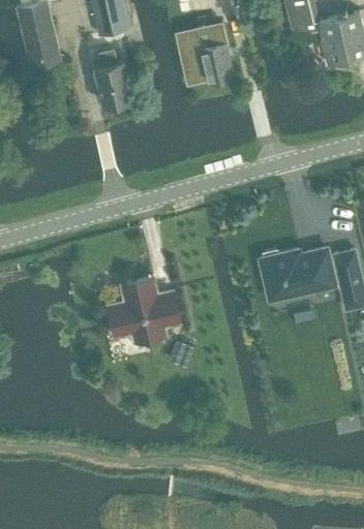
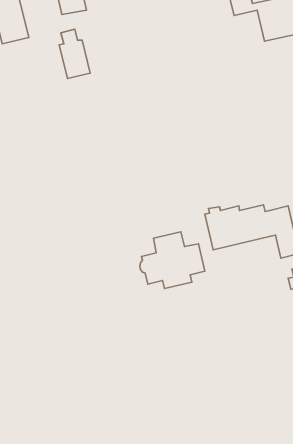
building: [176,25,233,85] -> none
building: [107,279,180,343] -> [140,232,205,289]

